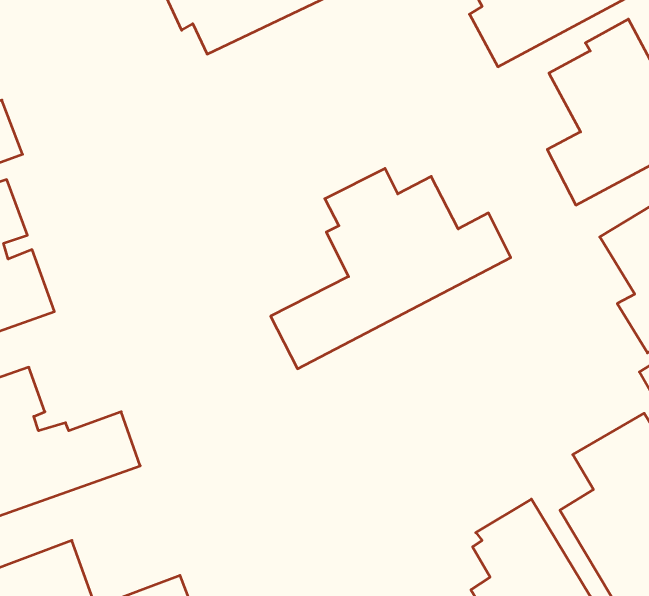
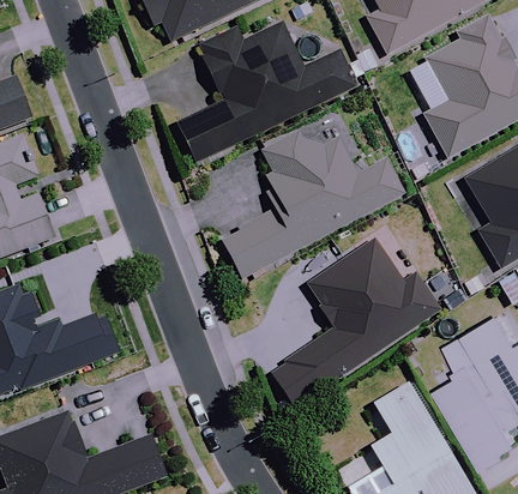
building: none -> [174,20,356,164]
building: none -> [269,239,439,409]

